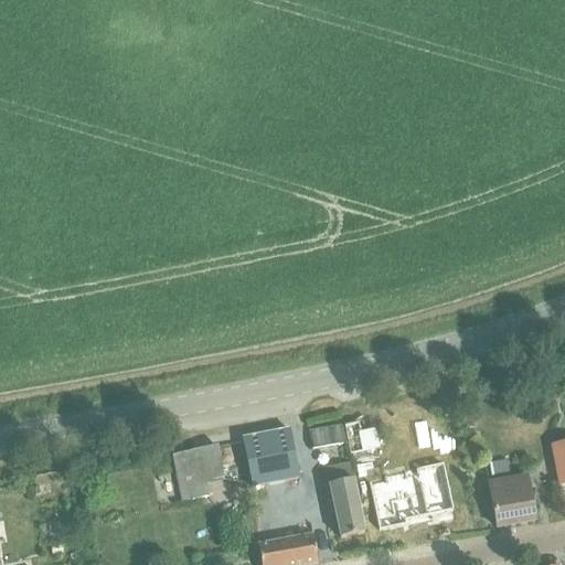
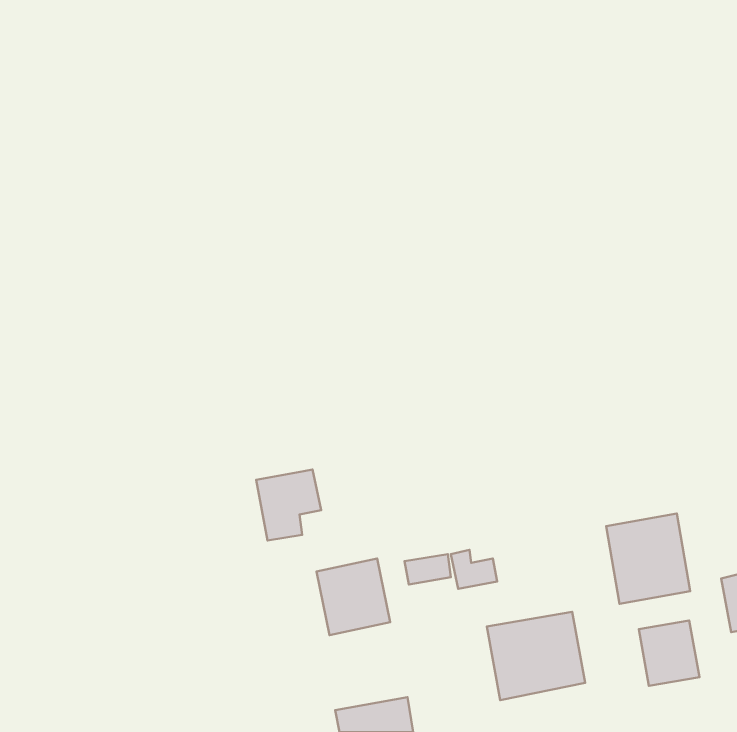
building: none -> [606,513,690,604]
building: [173,444,223,498] -> [256,470,321,540]
building: [327,460,363,535] -> none

